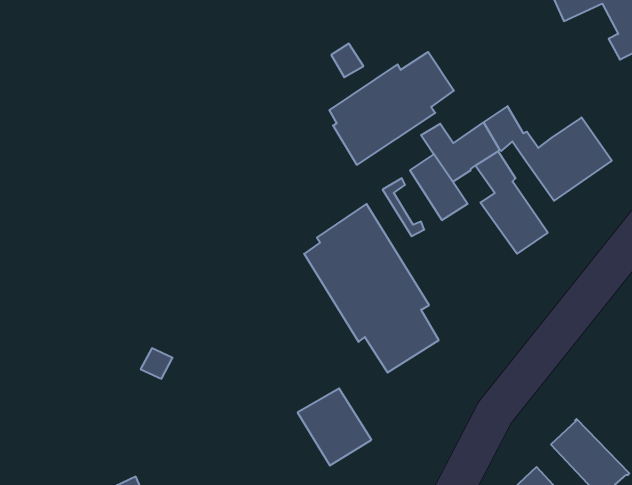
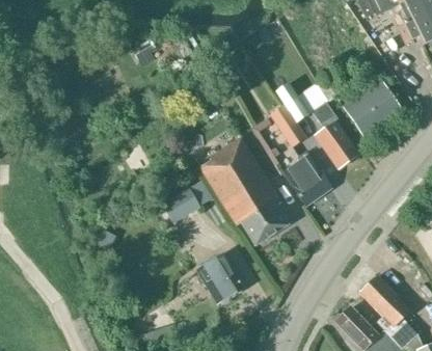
building: [329,52,454,165] -> none
building: none -> [284,156,330,206]
building: none -> [162,187,199,221]

